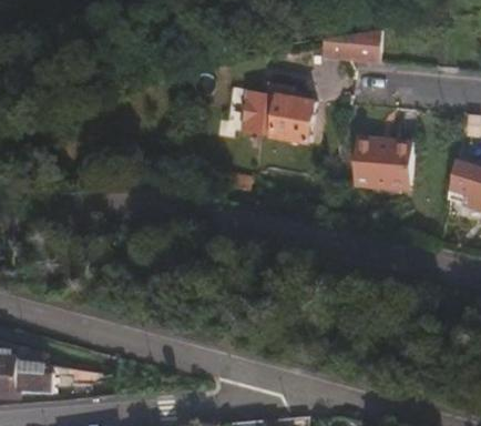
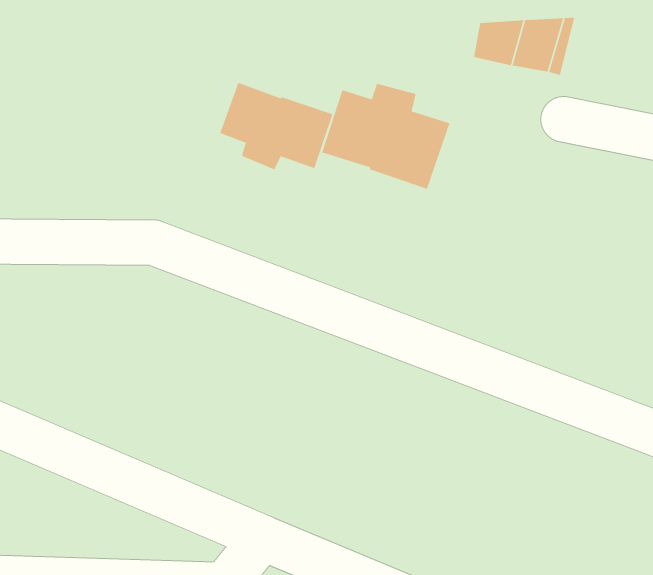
building: none -> [219,82,334,170]
building: [348,136,413,190] -> none

